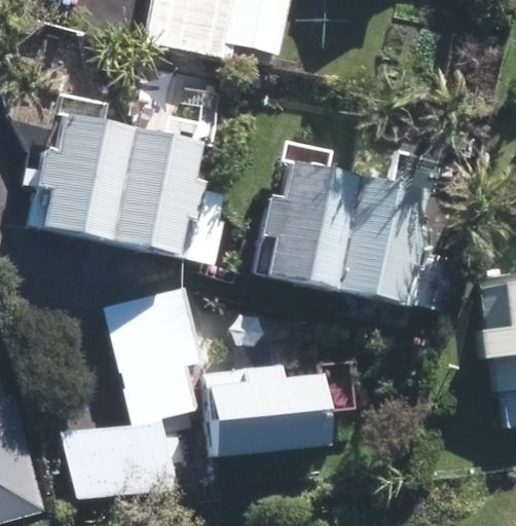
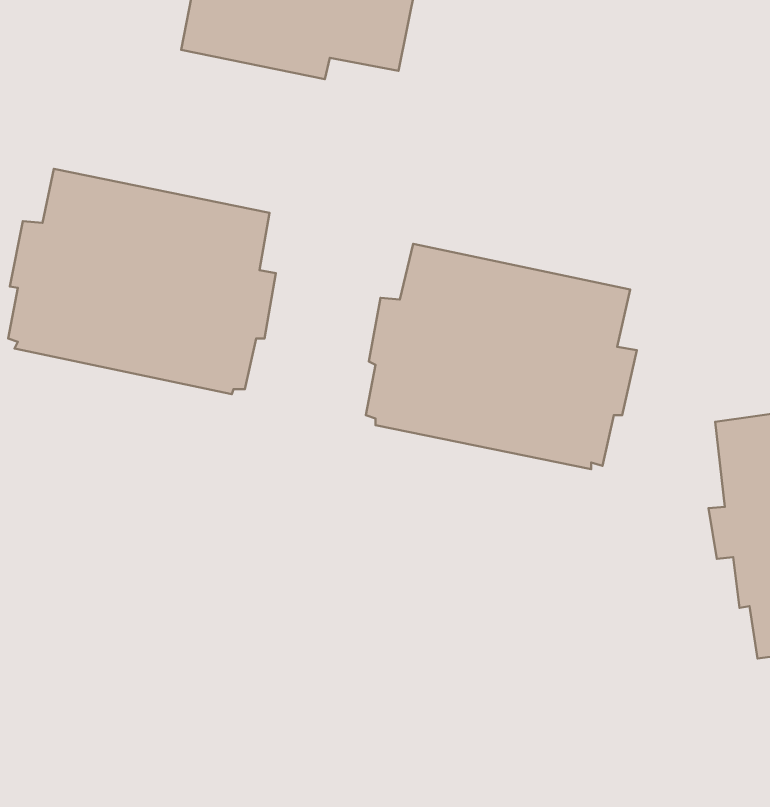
building: [103,283,206,500] -> none
building: [205,361,318,458] -> none

